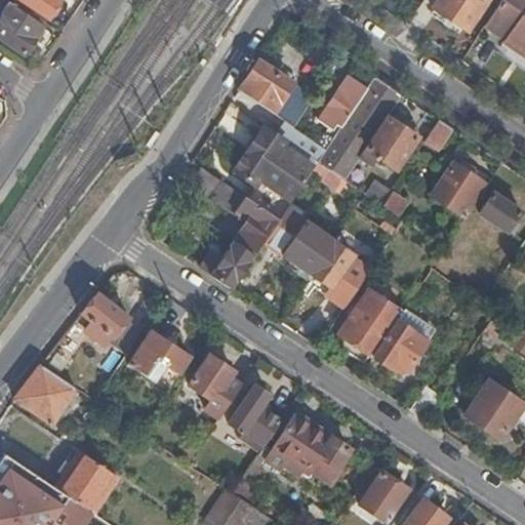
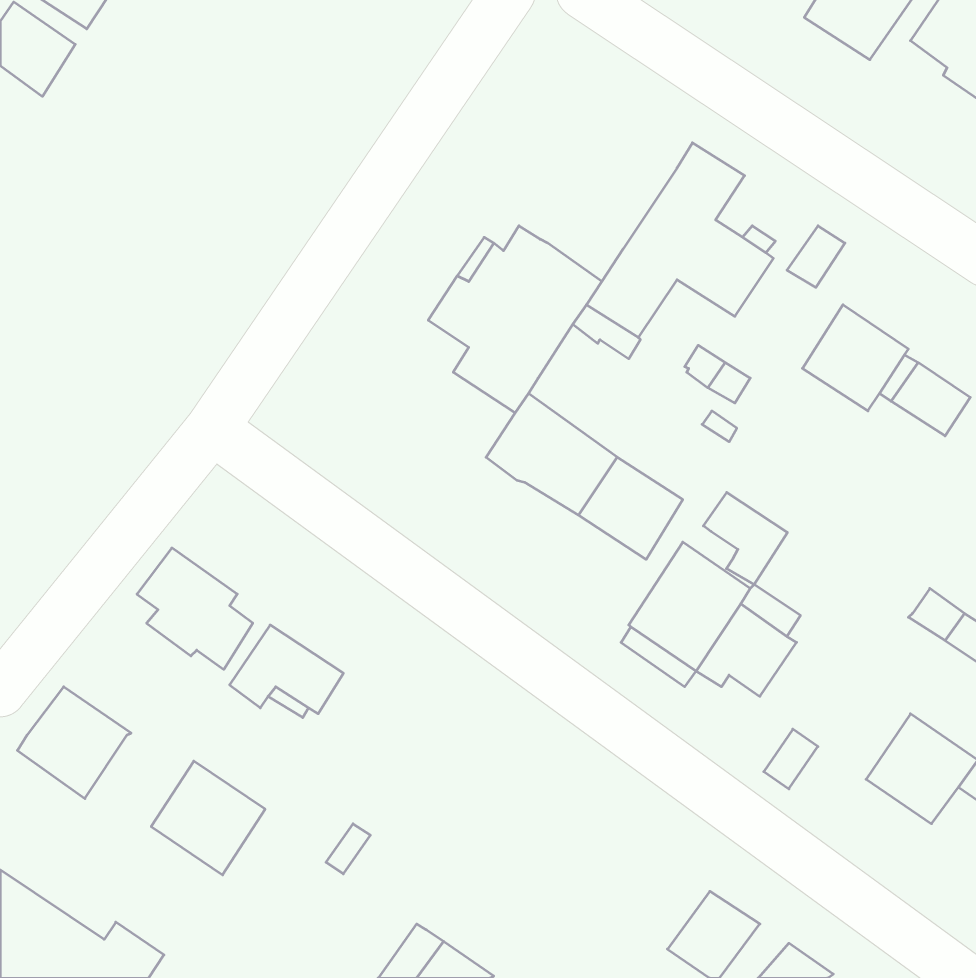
building: [237,59,311,127] -> none
building: [317,76,365,132] -> none
building: [189,166,279,290] -> none
building: none -> [703,492,787,584]
building: [188,356,243,421] -> none
building: [227,386,282,456] -> none
building: [276,415,352,487] -> none
building: [59,447,120,508] -> [151,761,265,875]

